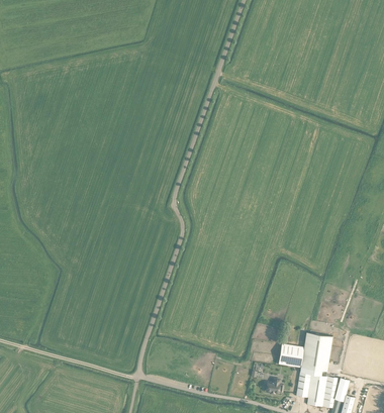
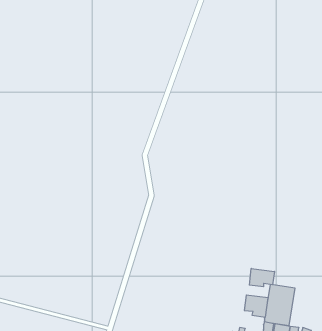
building: none -> [249,268,274,287]

